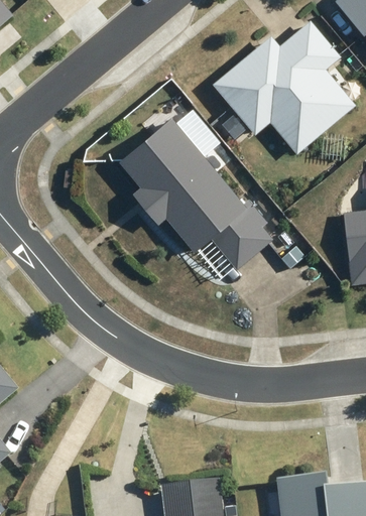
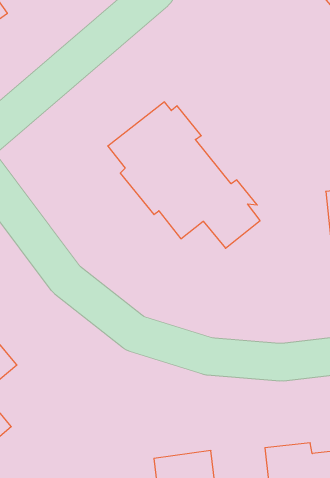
building: [215,20,342,145] -> none

